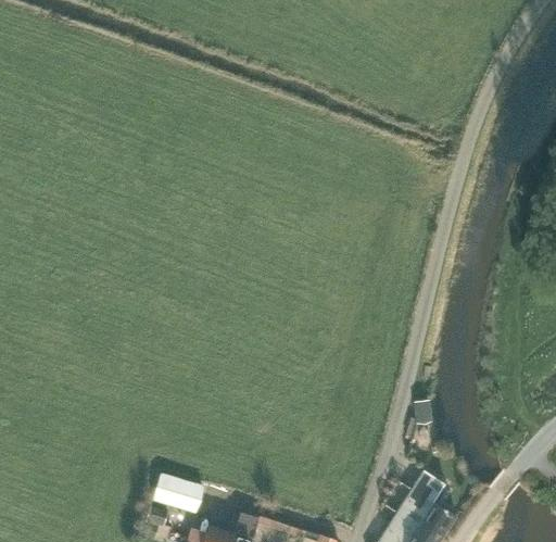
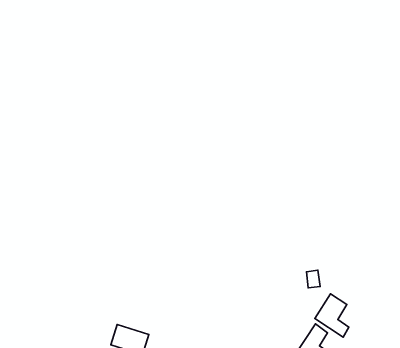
building: none -> [315,294,349,337]

